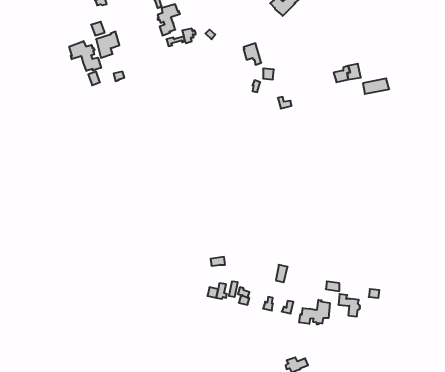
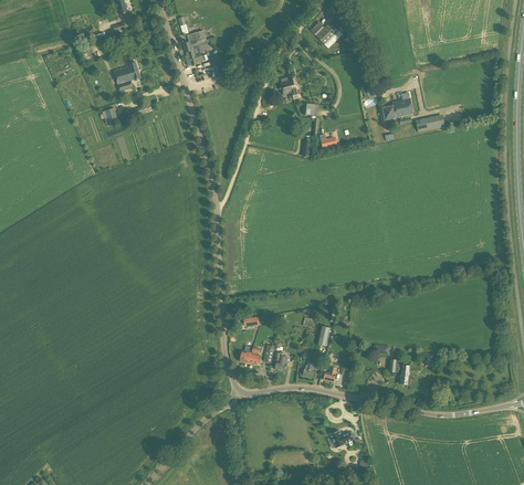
building: [69,41,101,71] -> none
building: [299,300,330,325] -> none

